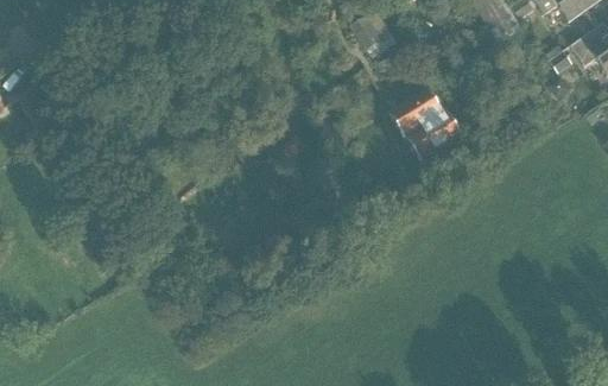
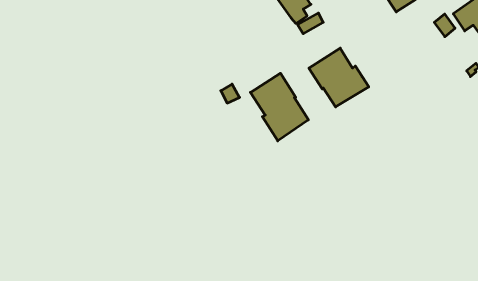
building: none -> [250,73,308,141]

